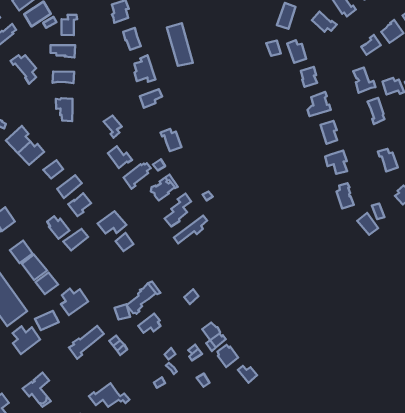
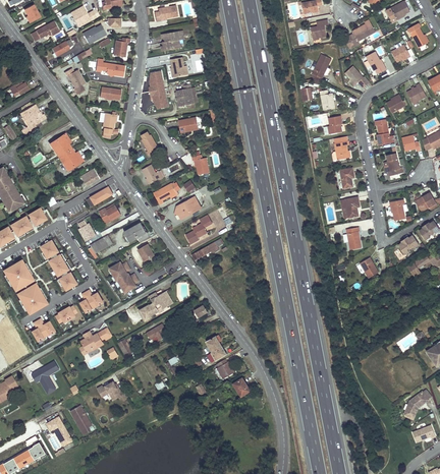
building: [167,23,193,66] -> [147,69,166,108]
building: none -> [109,264,138,294]

